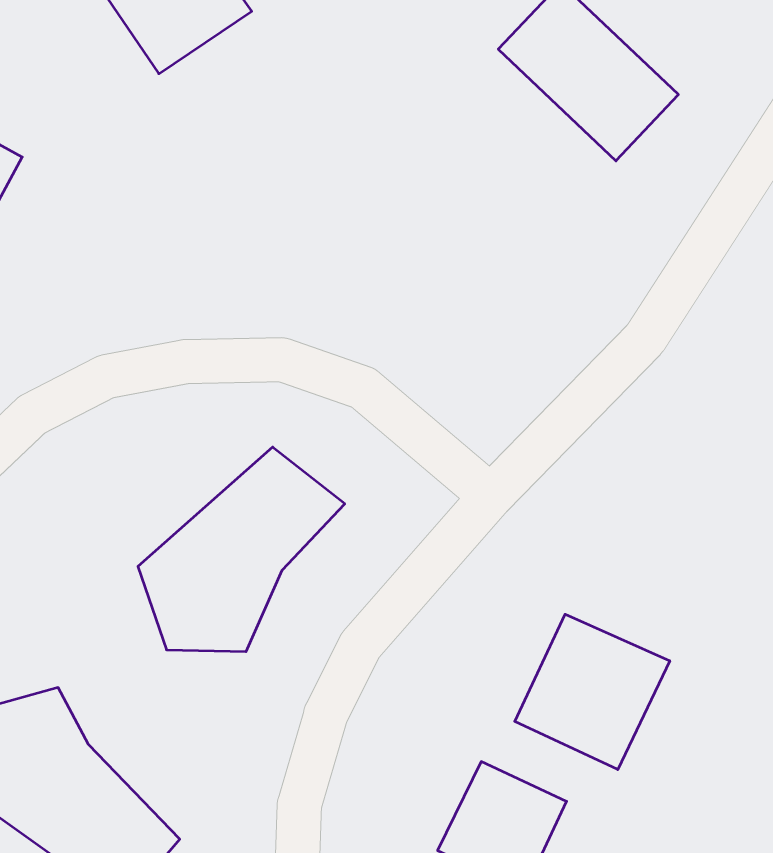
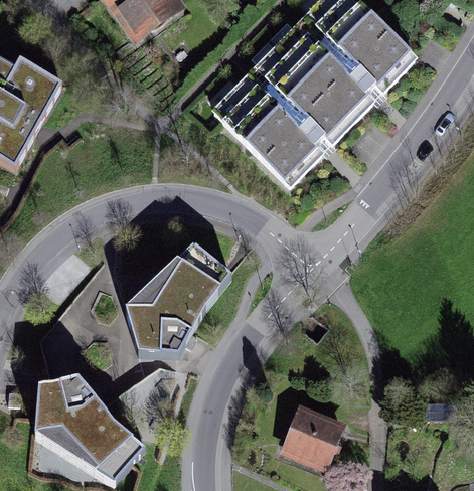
building: none -> [260,27,373,140]
building: none -> [217,77,325,186]
building: [515,614,670,770] -> none

